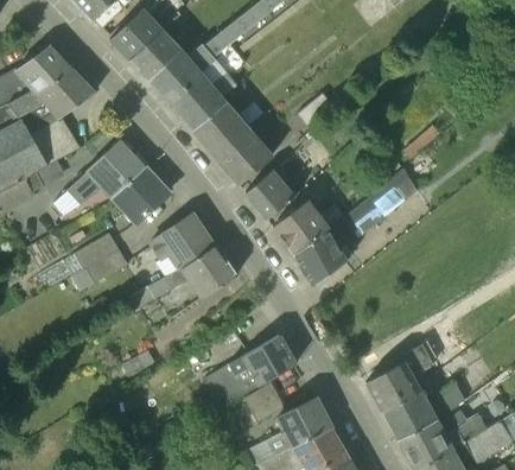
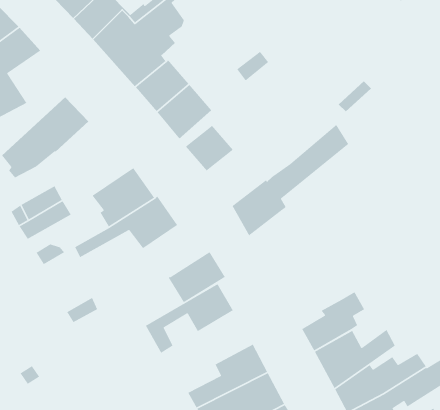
building: [110,166,169,224] -> none
building: [272,199,329,254] -> none
building: none -> [167,251,226,303]
building: [244,382,286,423] -> none

